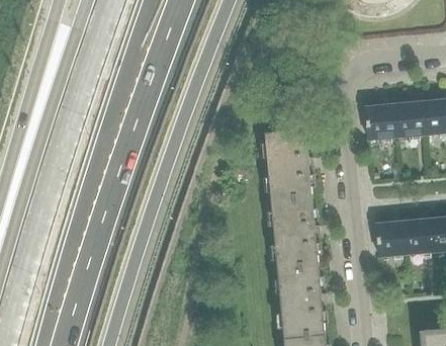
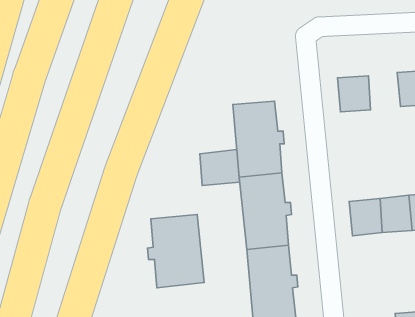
building: [394,102,425,138] -> none
building: none -> [200,149,239,186]
building: none -> [147,215,204,288]

